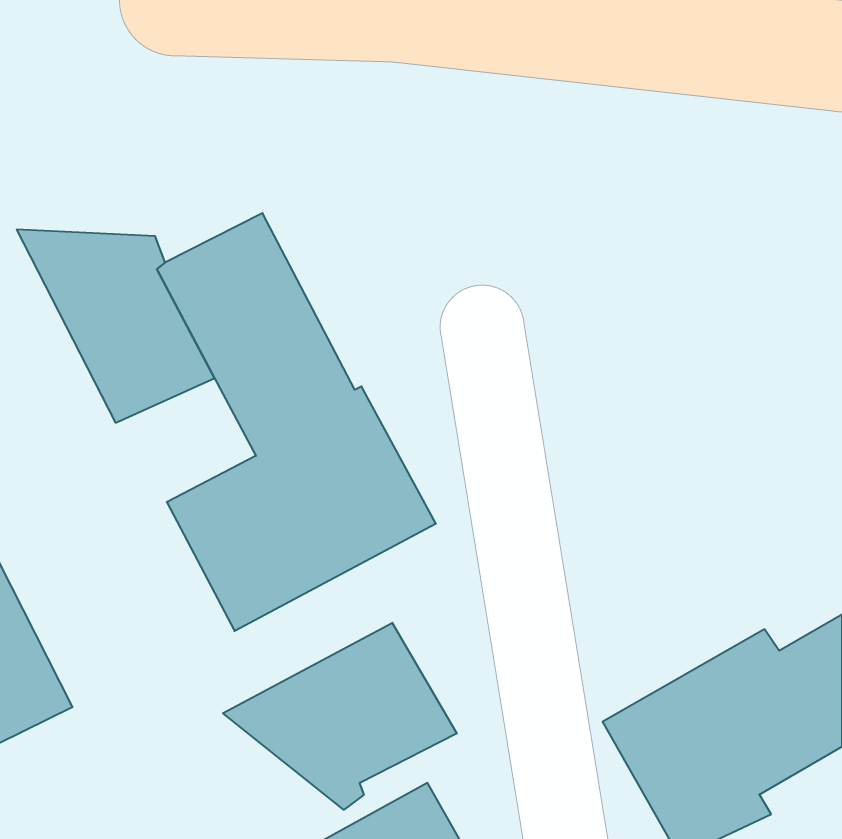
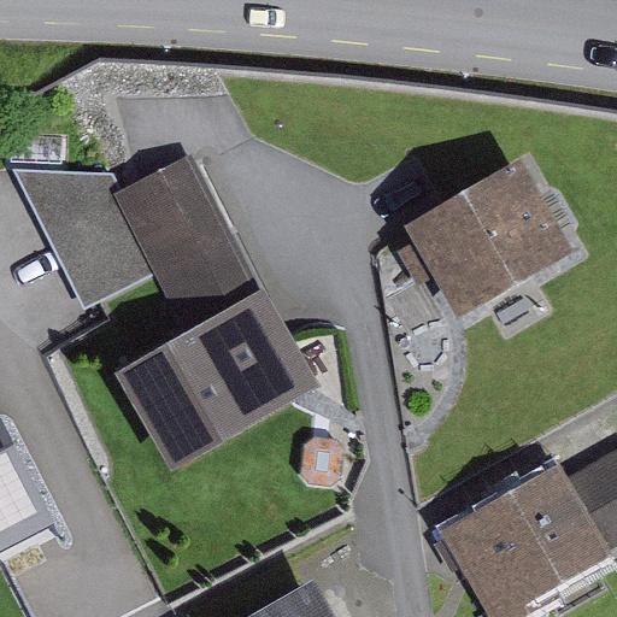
building: none -> [396,157,572,316]
building: [223,623,457,810] -> none

